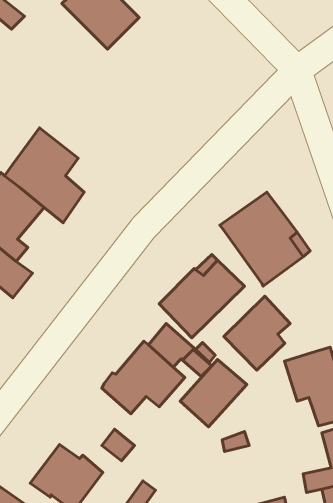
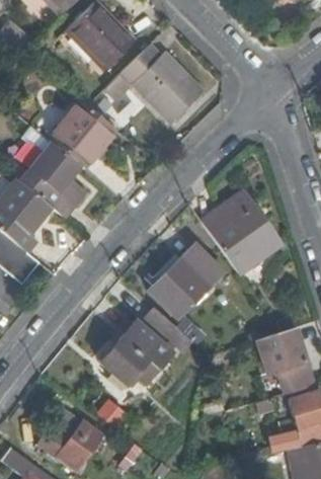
building: none -> [106,45,204,124]
building: none -> [44,99,117,168]
building: [224,296,290,370] -> none
building: [180,360,247,427] -> none

